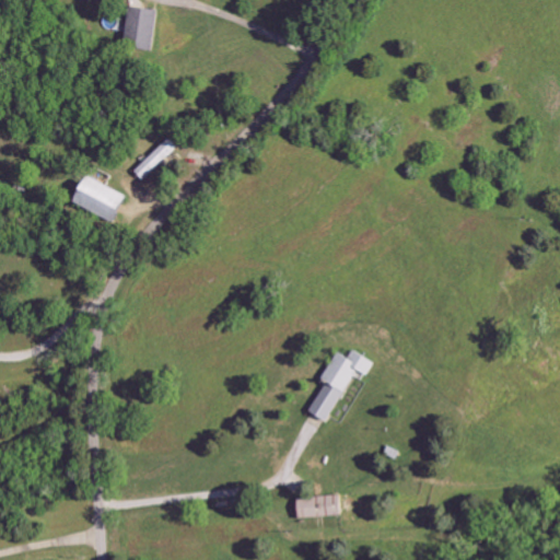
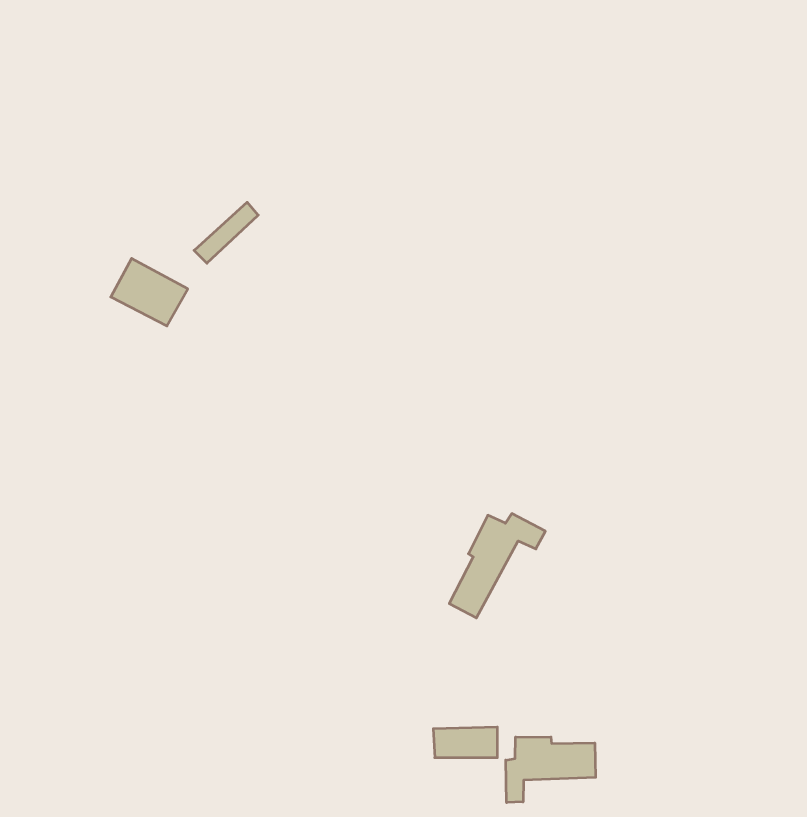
building: [120,4,154,48] -> none
building: none -> [506,737,596,803]

